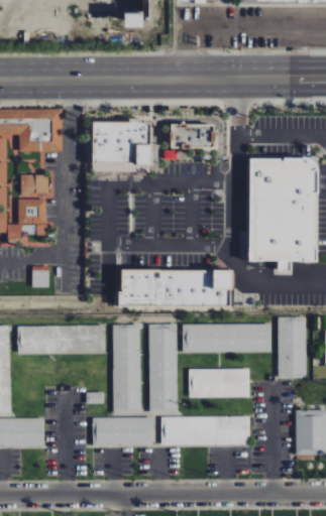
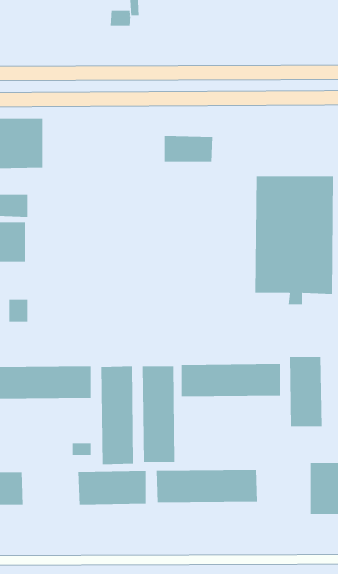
building: [91,120,149,172] -> none
building: [118,269,230,305] -> none
building: [189,368,249,397] -> none

